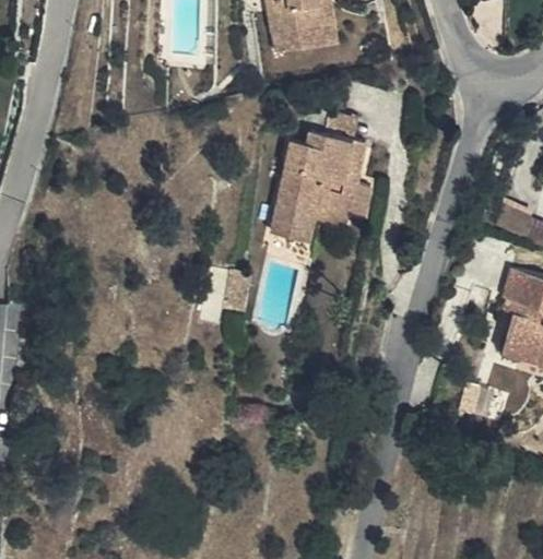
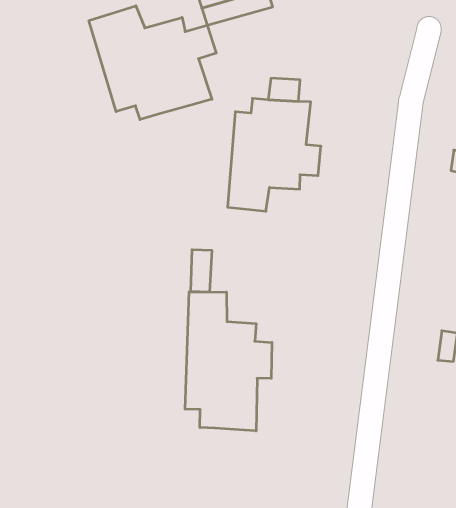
building: none -> [89,6,216,120]
building: none -> [185,292,272,431]

